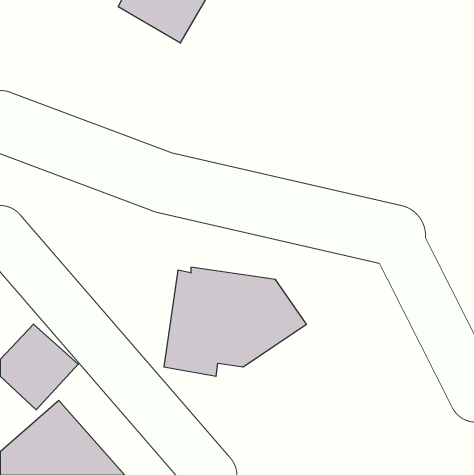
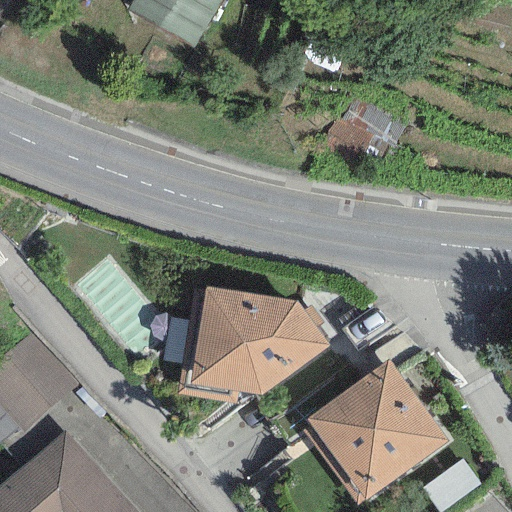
building: none -> [304,359,448,505]

